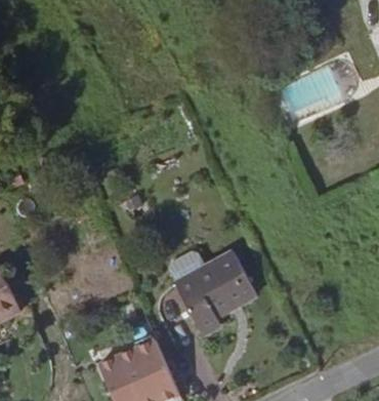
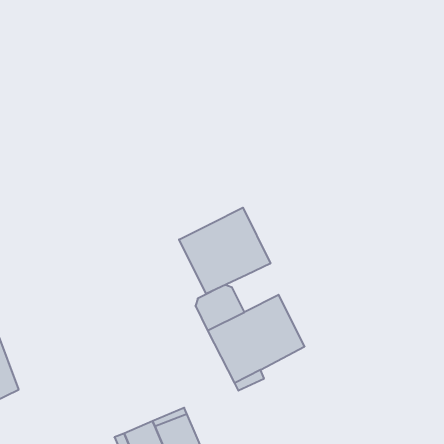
building: none -> [179,208,270,294]

